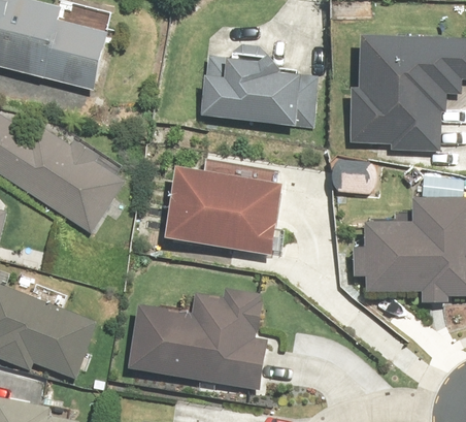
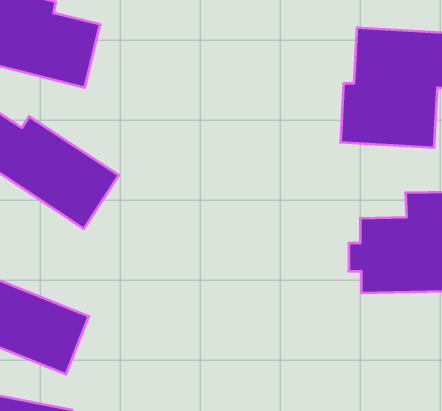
building: [199,55,313,126] -> none
building: [167,167,282,254] -> none
building: [129,288,264,388] -> none

